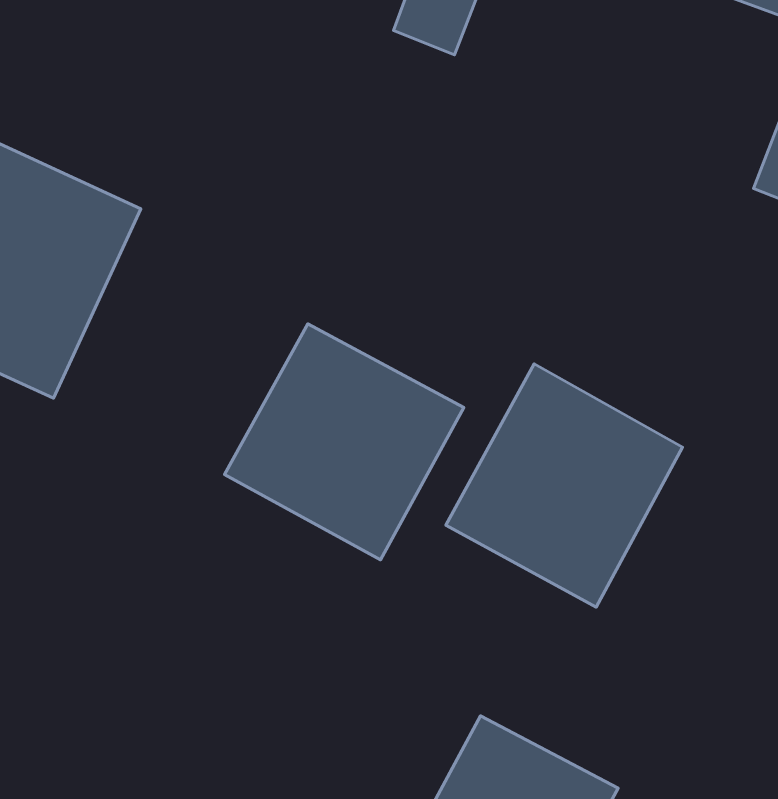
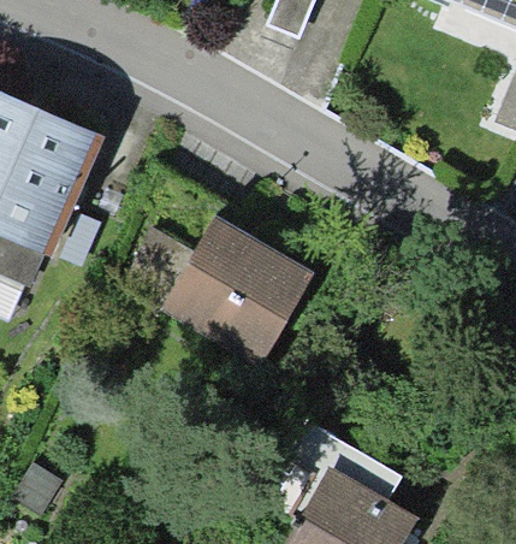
building: [446,364,683,607] -> none

